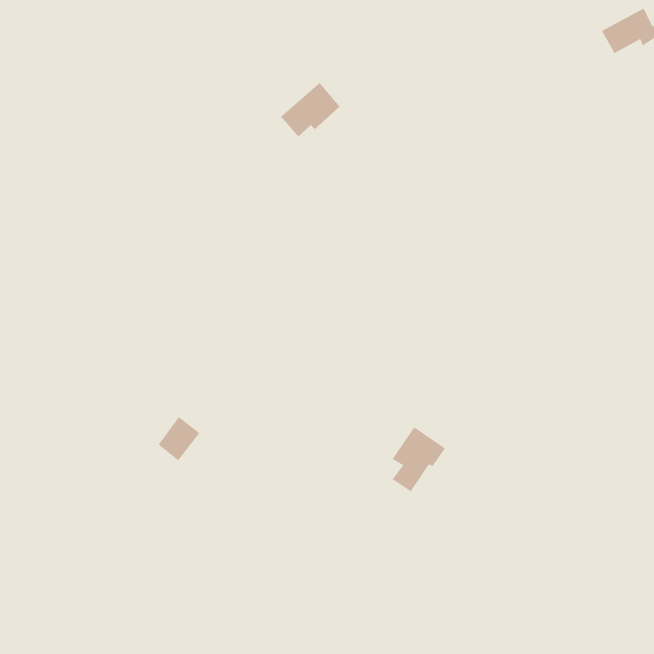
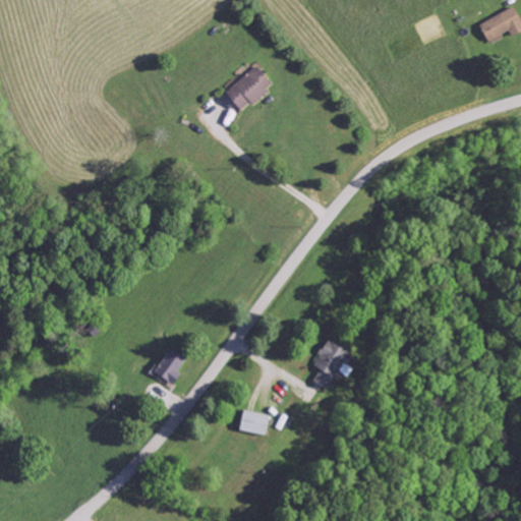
building: [158,416,200,461] -> [153,347,186,383]
building: none -> [236,407,273,436]

